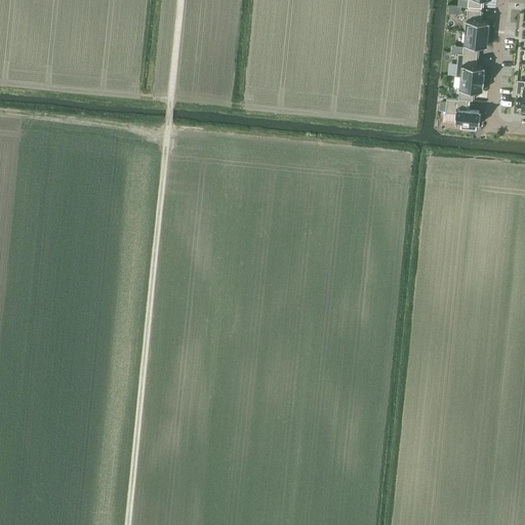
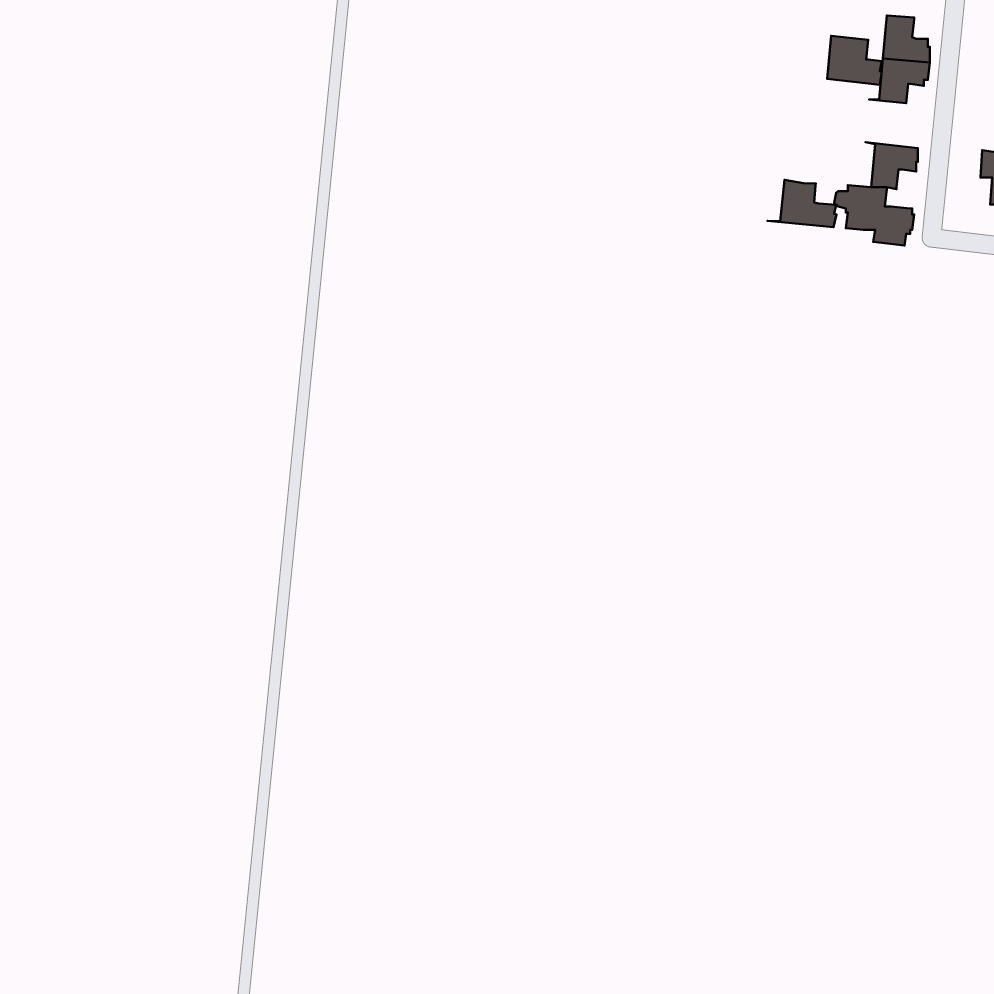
building: [456,53,485,79] -> [827,36,882,85]
building: none -> [768,180,836,227]

